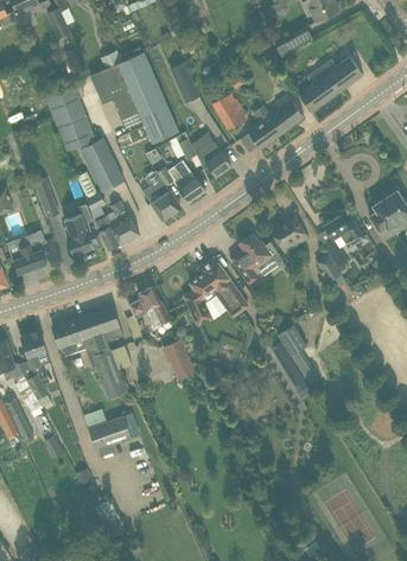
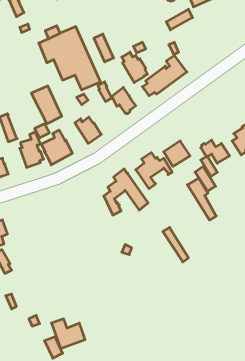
building: [299,56,363,110] -> none
building: [44,84,96,151] -> none
building: [157,160,205,202] -> none
building: [129,286,171,327] -> none
building: [52,305,127,399] -> none
building: [276,324,318,384] -> [187,178,216,220]
building: [163,338,195,380] -> none
building: [83,408,132,451] -> [51,319,85,349]

